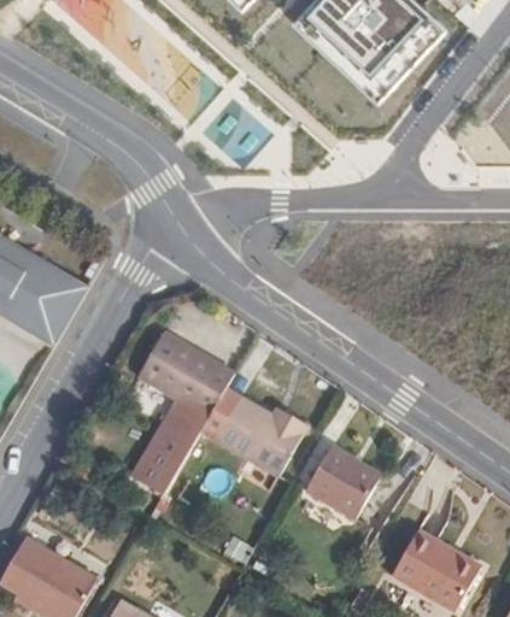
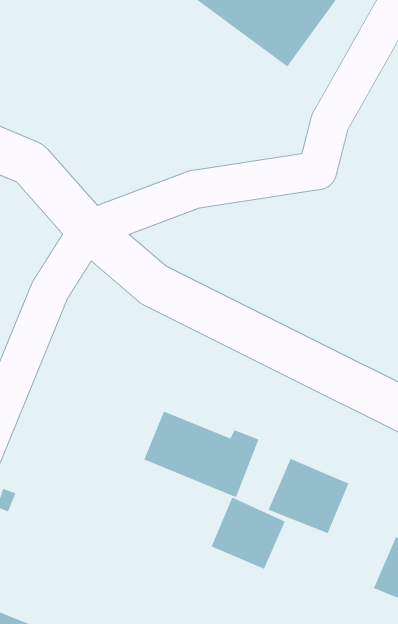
building: [131,334,231,489] -> none
building: none -> [210,496,286,570]

